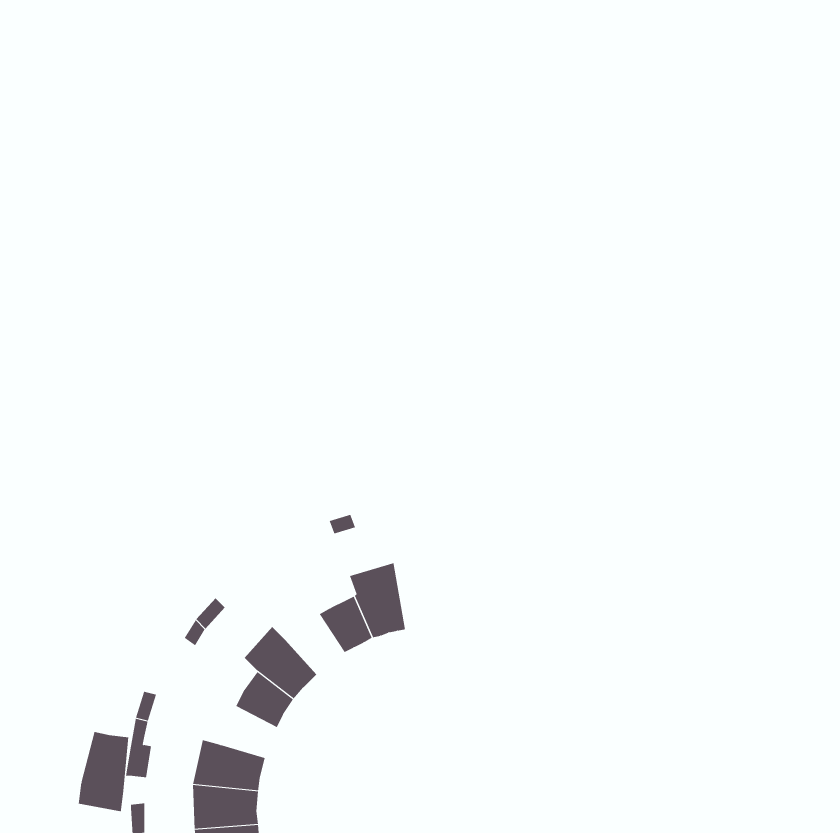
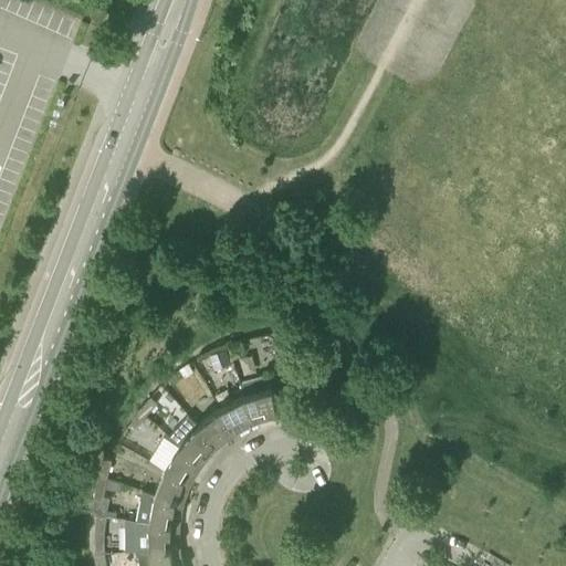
building: none -> [189,420,228,460]
building: none -> [146,481,184,515]
building: [78,731,129,812] -> none

